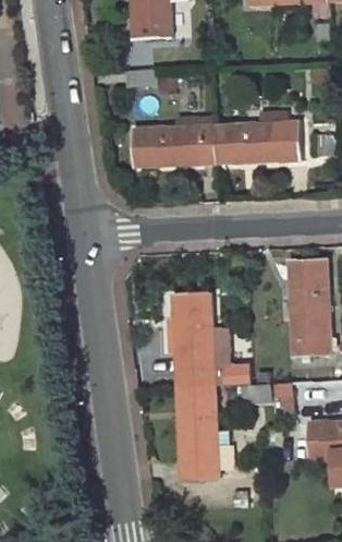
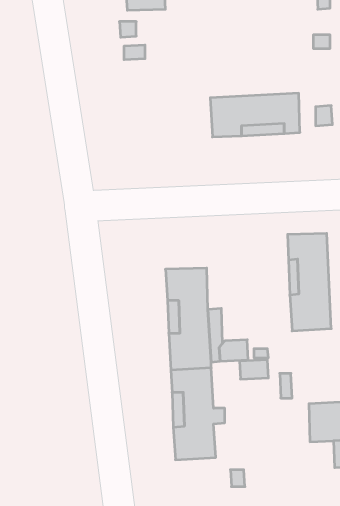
building: [134,125,216,168] -> none

